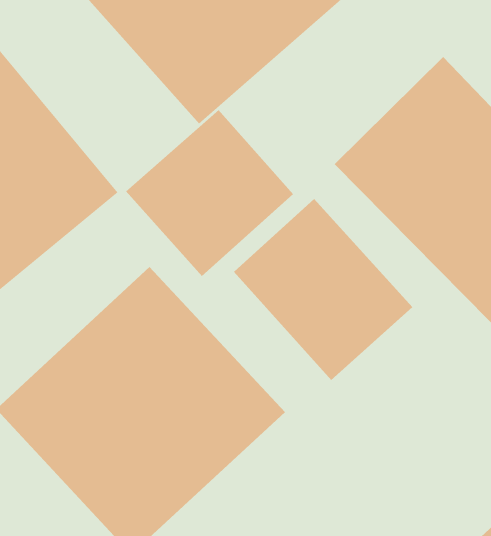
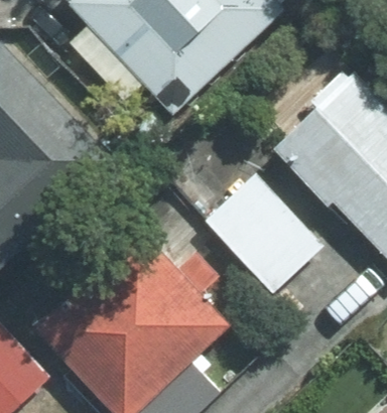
building: [125,109,294,277] -> none

